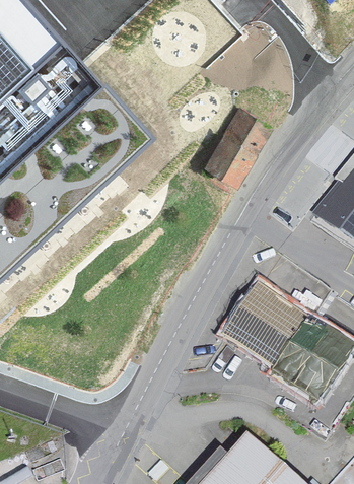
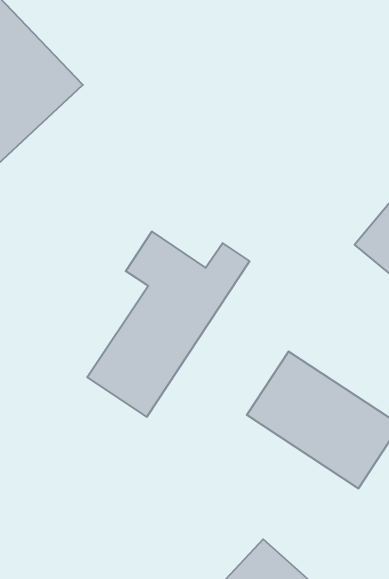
building: [212,116,270,184] -> none
building: none -> [87,231,249,417]

